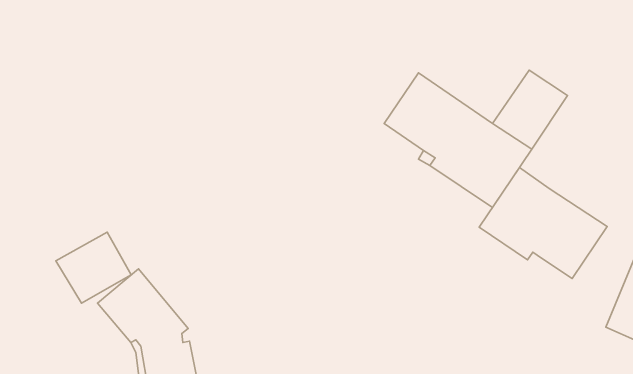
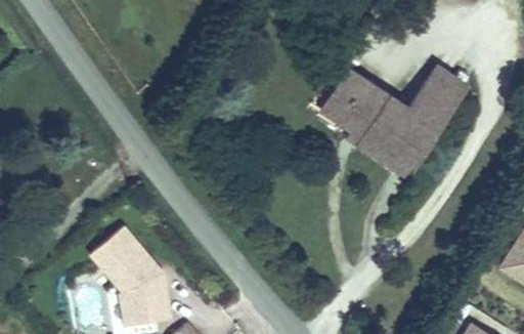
building: [479,167,607,279] -> none
building: [56,232,131,303] -> none

